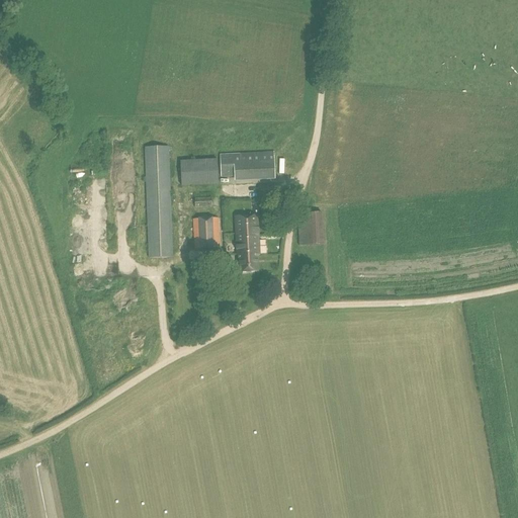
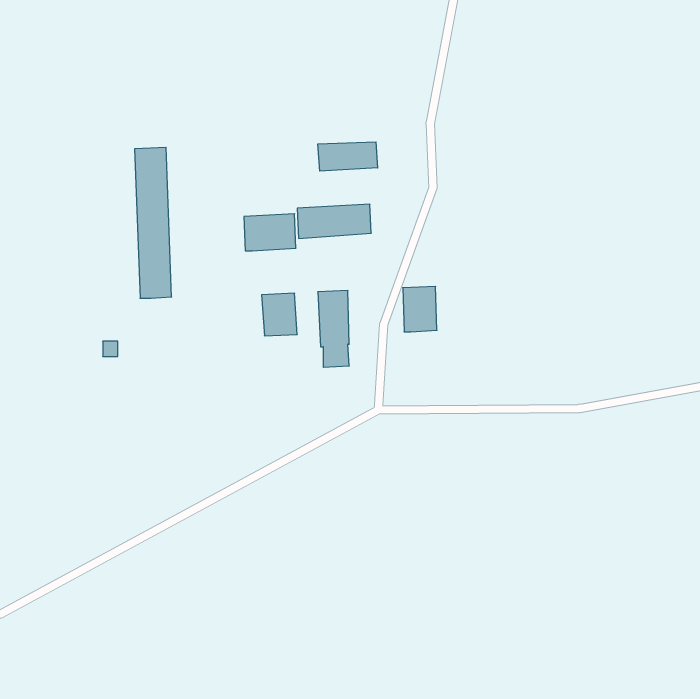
building: none -> [318,142,378,171]
building: [145,146,172,257] -> [135,147,172,298]

